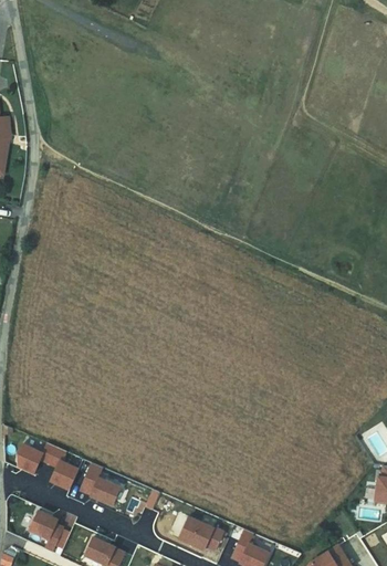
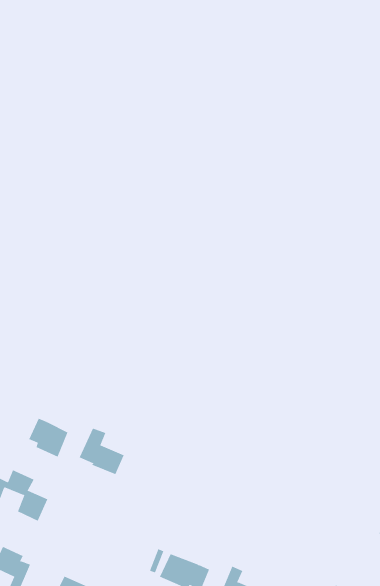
building: none -> [28,418,68,457]
building: [79,462,119,504] -> [79,428,125,475]

